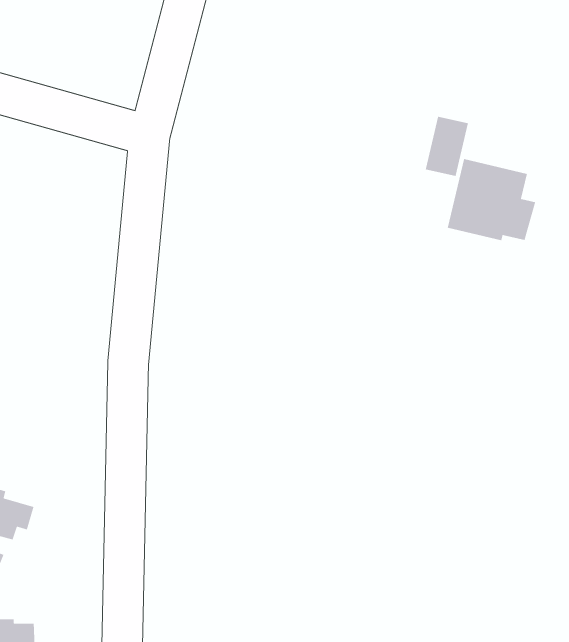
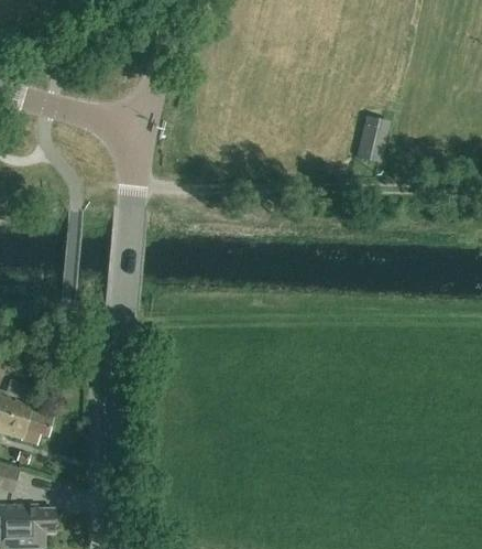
building: [447,158,536,241] -> none

